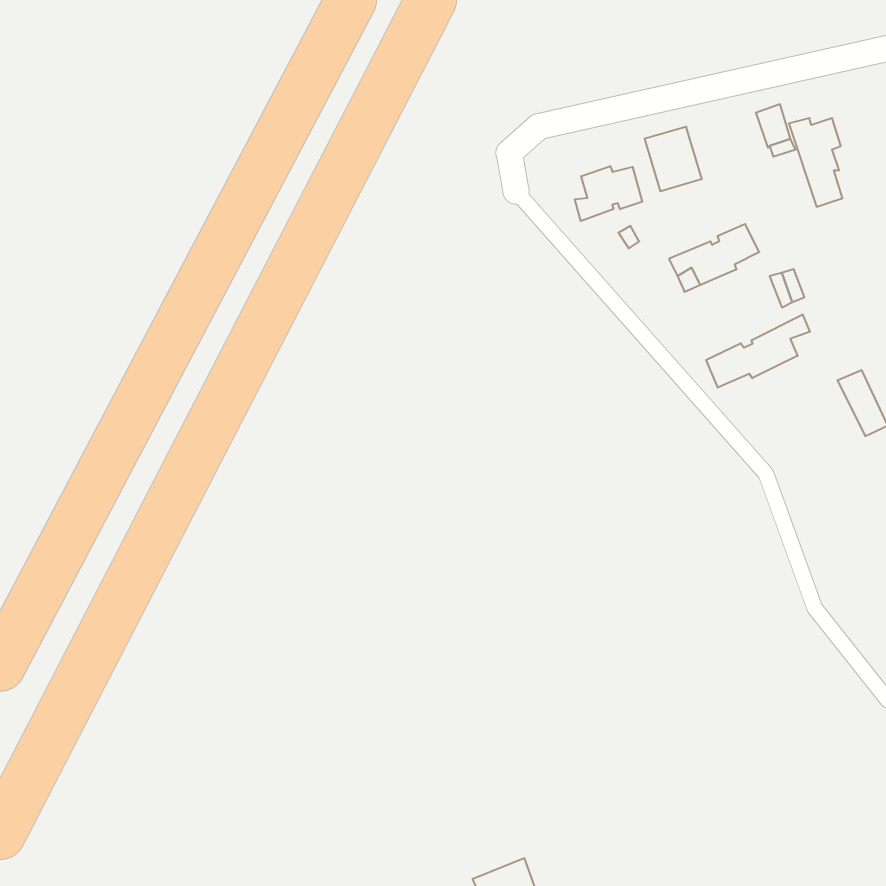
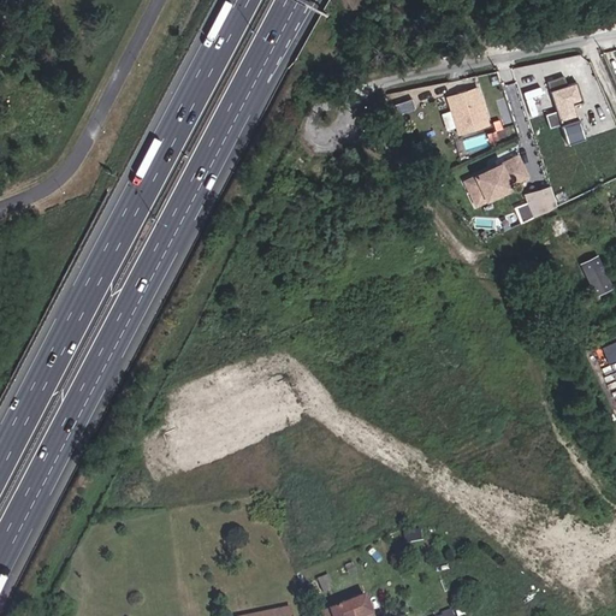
building: [575,166,642,221] -> none
building: [706,314,810,388] -> none

